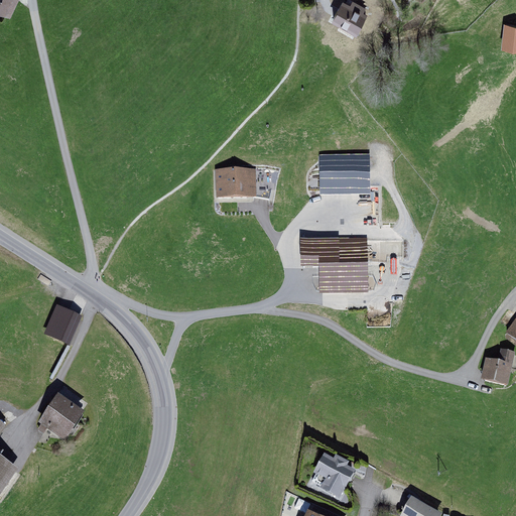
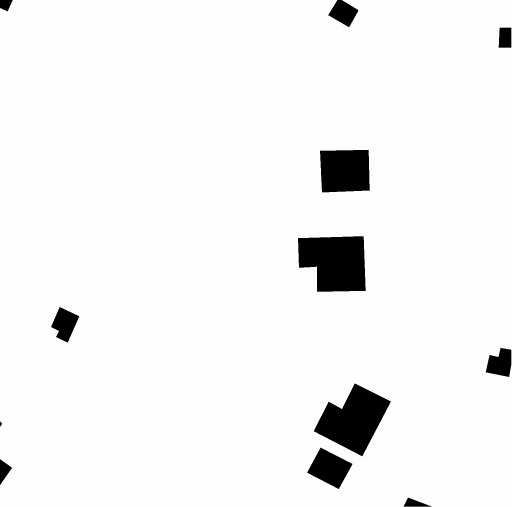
building: [214,168,255,198] -> none
building: none -> [313,383,392,457]
building: [35,395,82,441] -> none

